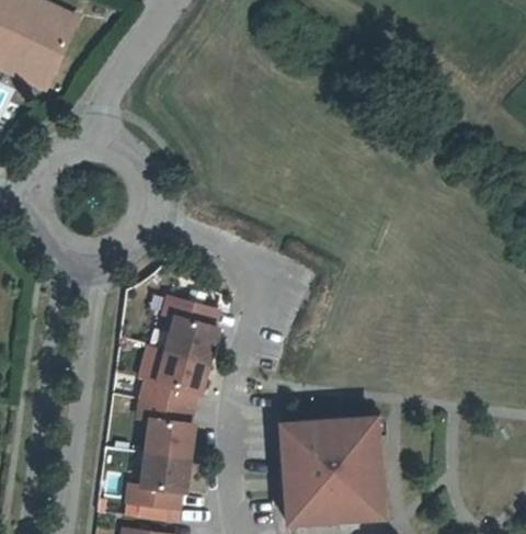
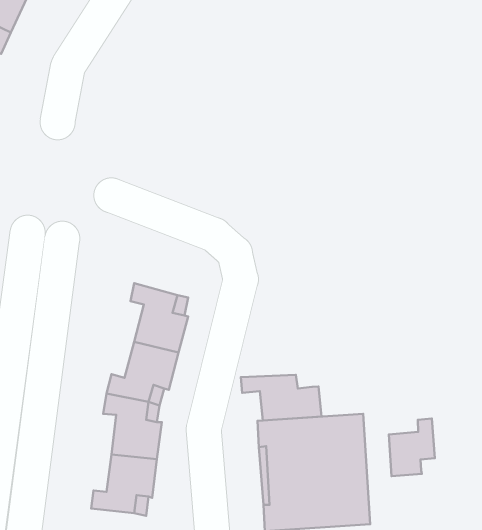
building: none -> [241,375,321,421]
building: none -> [389,419,435,476]

